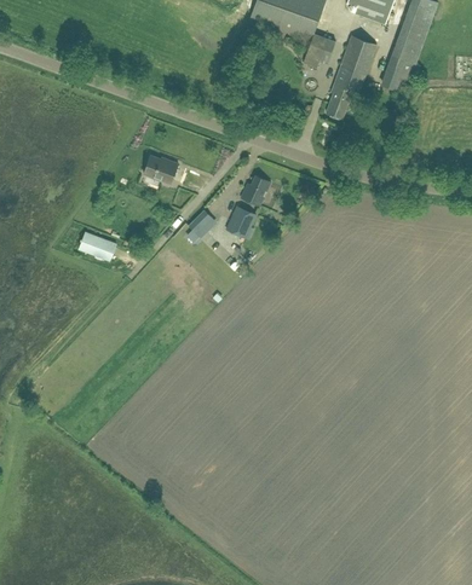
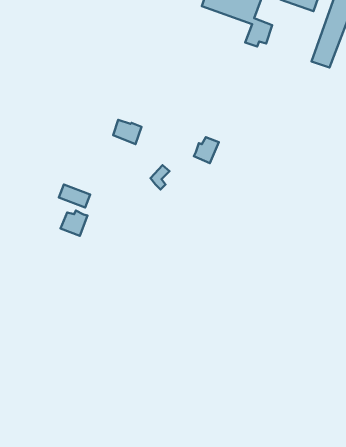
building: [327,36,376,118] -> none
building: [225,204,258,243] -> none
building: none -> [60,210,88,236]

